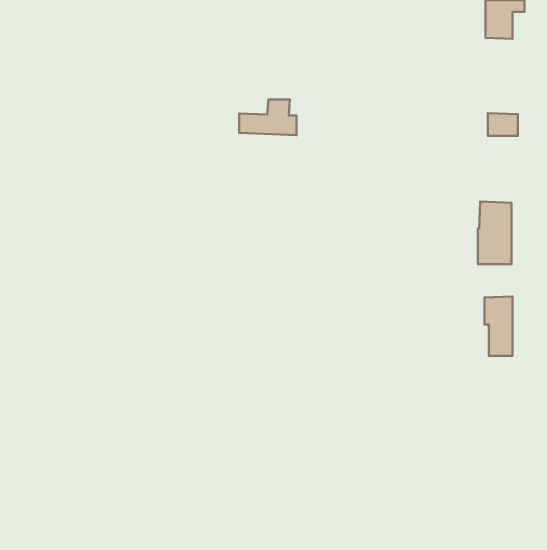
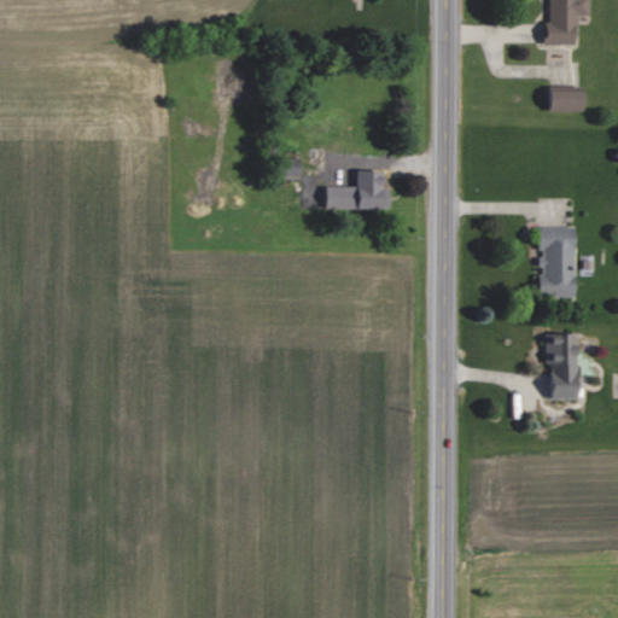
building: [239,99,296,135] -> [326,170,390,210]
building: [488,113,518,136] -> [550,86,584,111]

